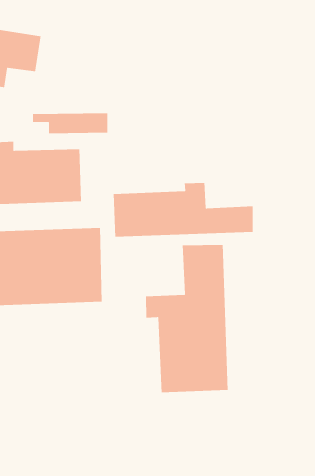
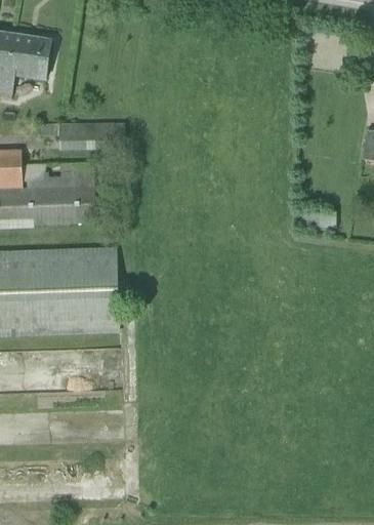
building: [113,182,254,237] -> none
building: [145,244,229,393] -> none

